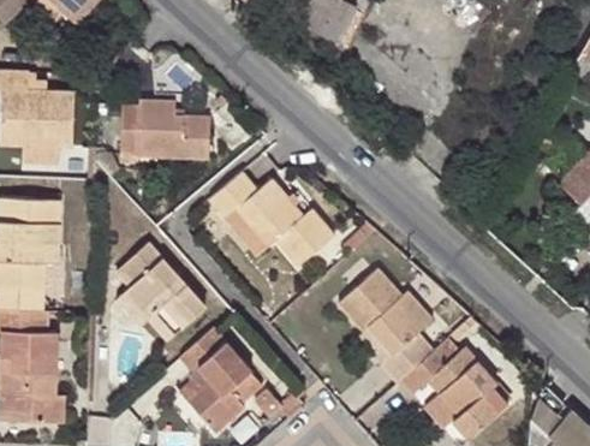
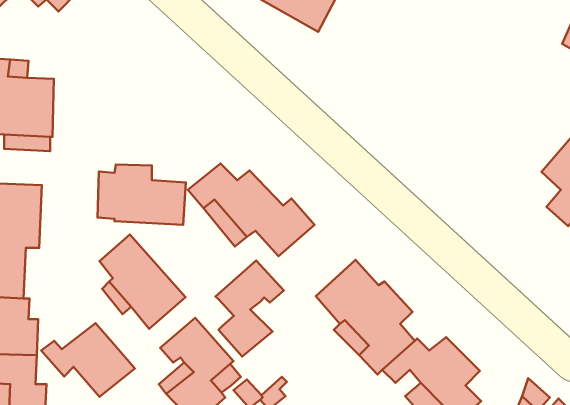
building: [121,99,209,159] -> [98,164,186,225]
building: none -> [216,260,284,356]
building: none -> [41,323,135,397]

